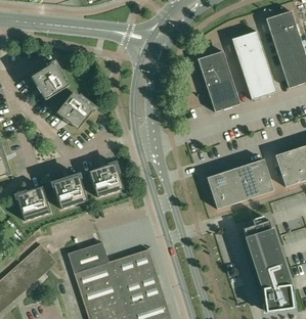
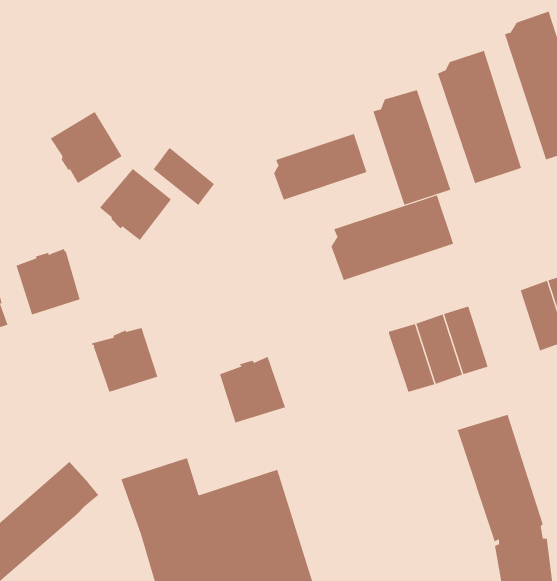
building: none -> [273,133,367,200]
building: none -> [153,147,215,206]
building: none -> [331,194,454,281]
building: [249,157,273,194] -> none
building: [89,162,124,196] -> [219,356,286,423]
building: [15,185,50,220] -> [14,248,81,315]

